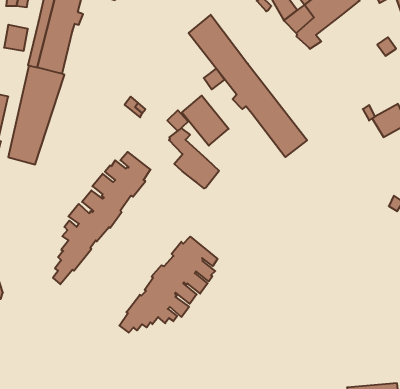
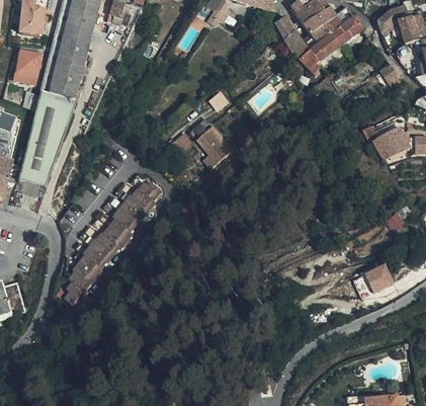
building: [189,15,307,157] -> none
building: [169,128,219,188] -> none
building: [119,237,218,333] -> none
building: none -> [356,267,397,299]

